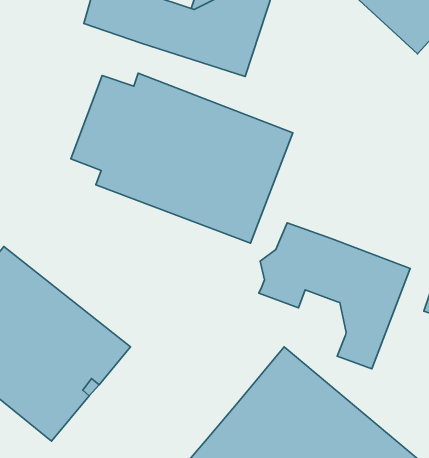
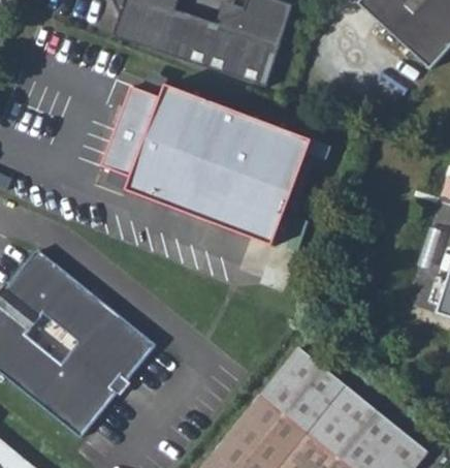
building: [259,223,410,369] -> none

